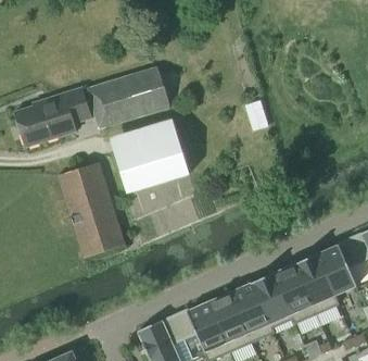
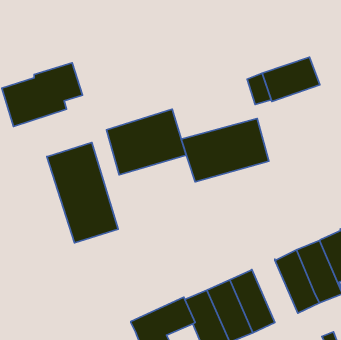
building: [87,69,169,128] -> [181,118,269,182]
building: none -> [262,57,320,101]
building: [251,273,294,332] -> none

